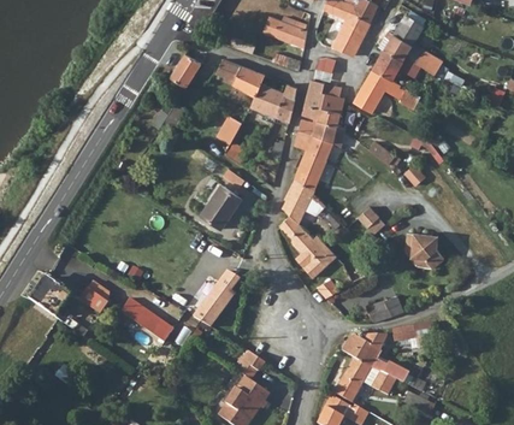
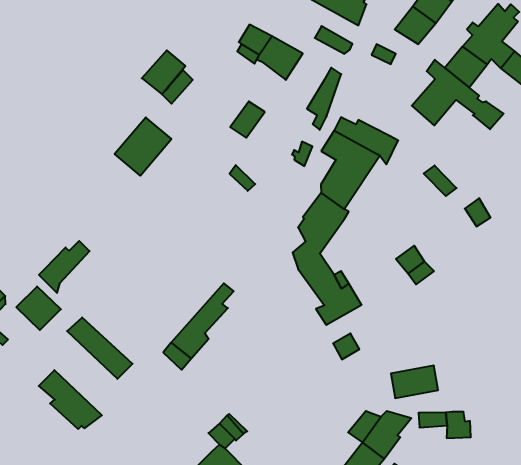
building: [167,53,199,87] -> [142,50,185,94]
building: [301,79,342,126] -> none
building: [249,83,283,116] -> none
building: [196,179,237,224] -> [115,117,171,176]
building: [404,231,444,266] -> none
building: none -> [39,241,90,293]
building: none -> [39,370,102,429]

